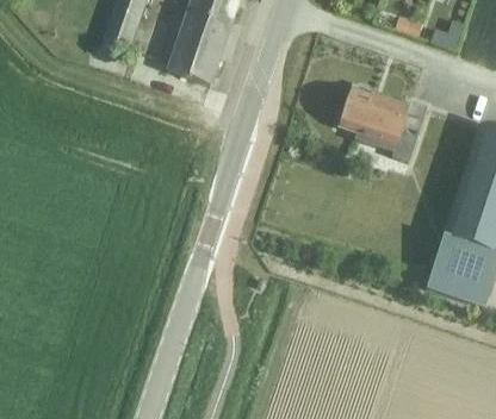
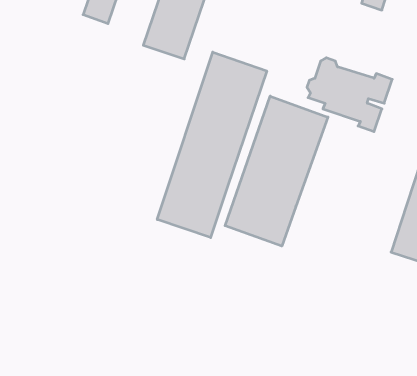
building: none -> [157,52,267,238]
building: none -> [225,96,328,246]

